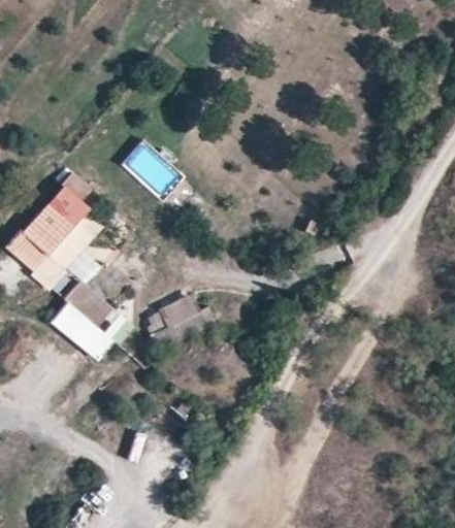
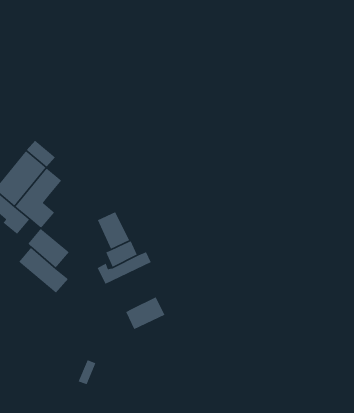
building: none -> [97,211,130,250]
building: none -> [125,296,166,330]

